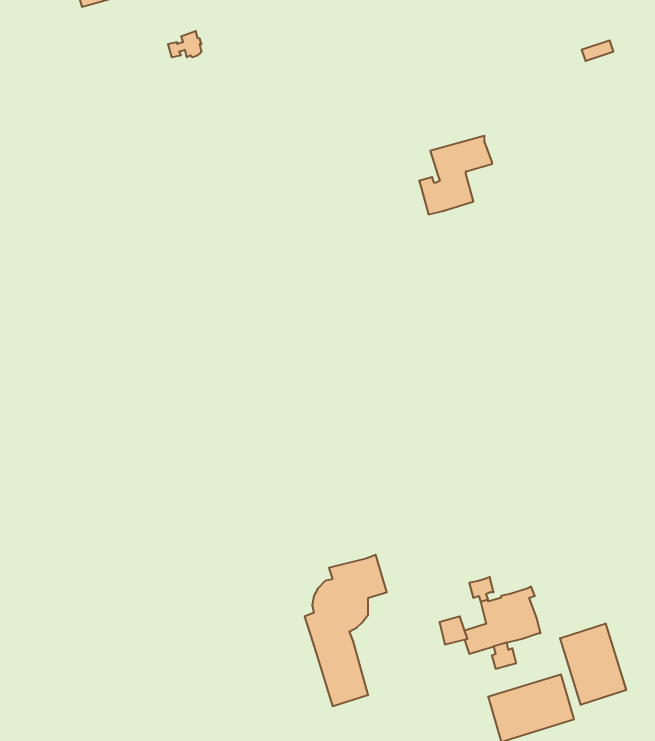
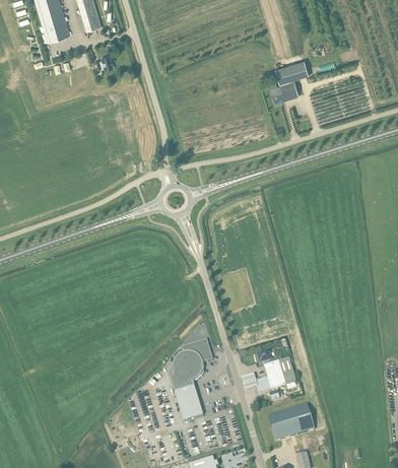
building: [419,136,492,214] -> [269,60,309,103]
building: [560,623,626,705] -> none

